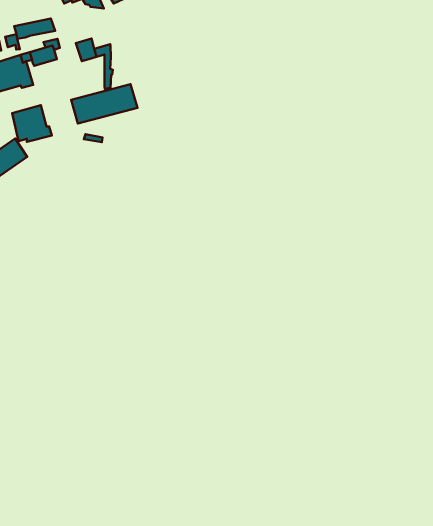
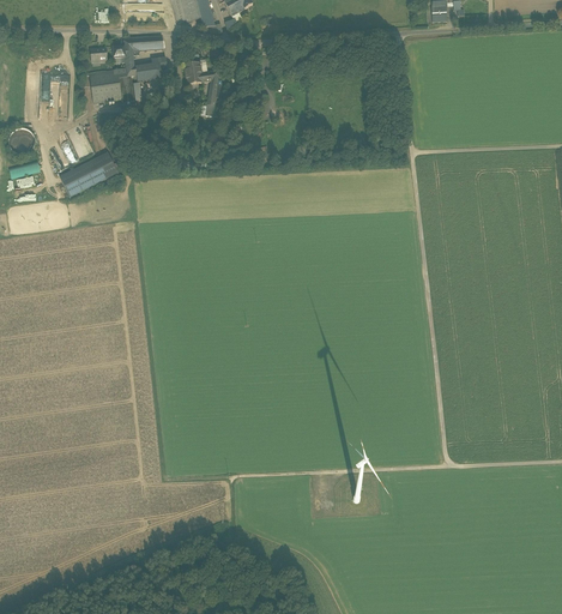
building: [71,84,138,124] -> none
building: [12,105,52,142] -> none

